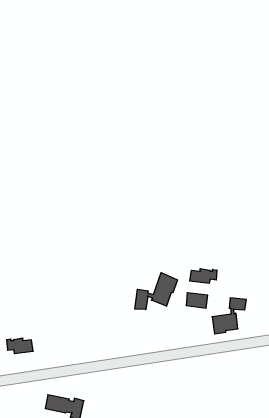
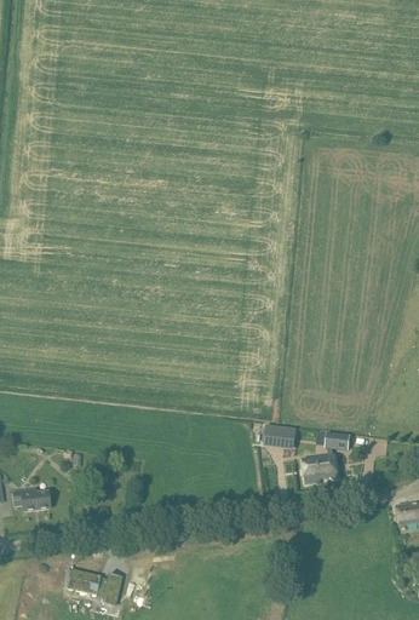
building: [190,269,217,283] -> none
building: [135,273,178,310] -> none

